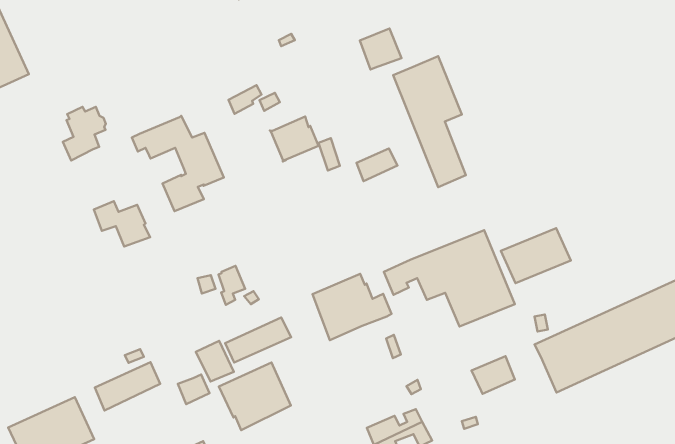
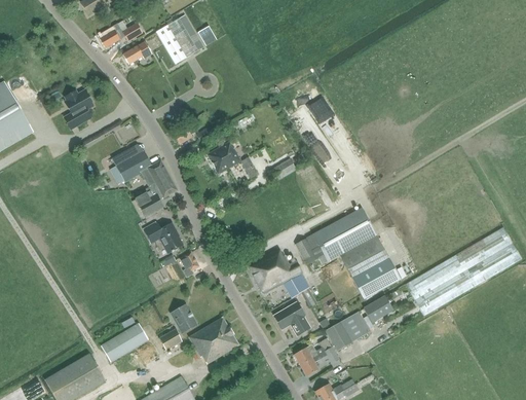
building: [360,29,401,70] -> none
building: [63,107,106,160] -> [64,90,92,130]
building: [94,201,150,246] -> [143,222,184,253]
building: [501,228,571,283] -> [351,258,401,299]
building: [225,317,291,362] -> none
building: none -> [273,302,310,336]
building: none -> [326,312,370,351]

